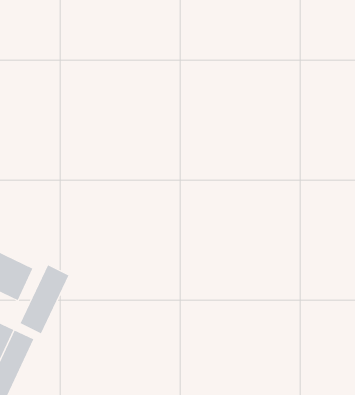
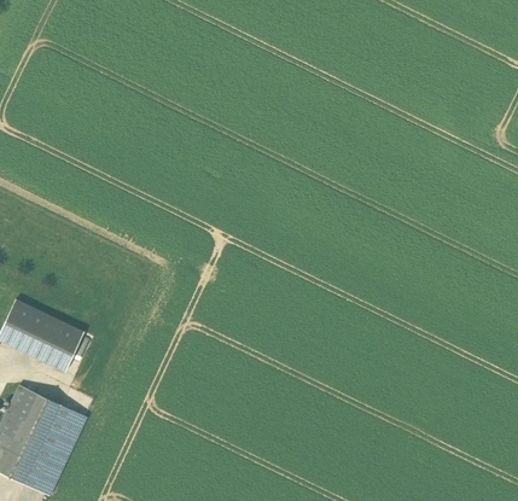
building: [20,265,69,334] -> none

